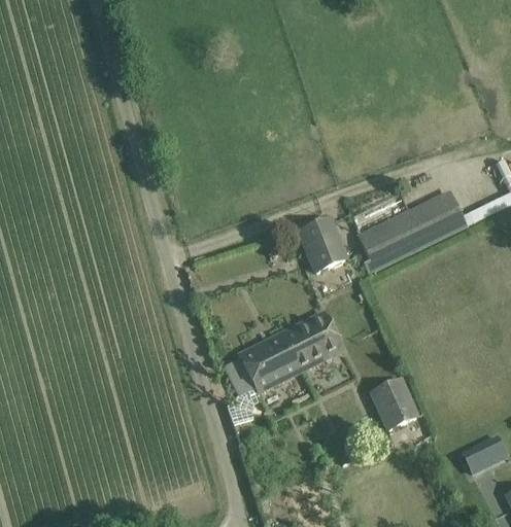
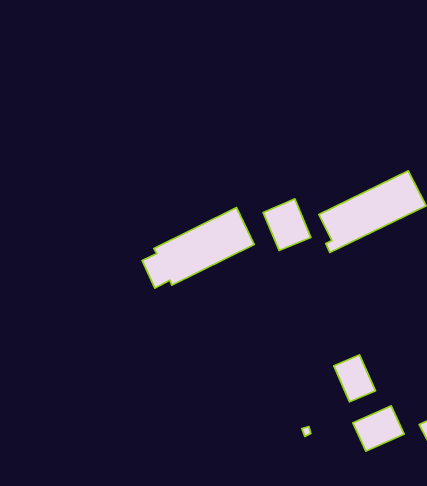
building: [227,310,343,393] -> [142,208,254,288]
building: none -> [353,406,404,451]

